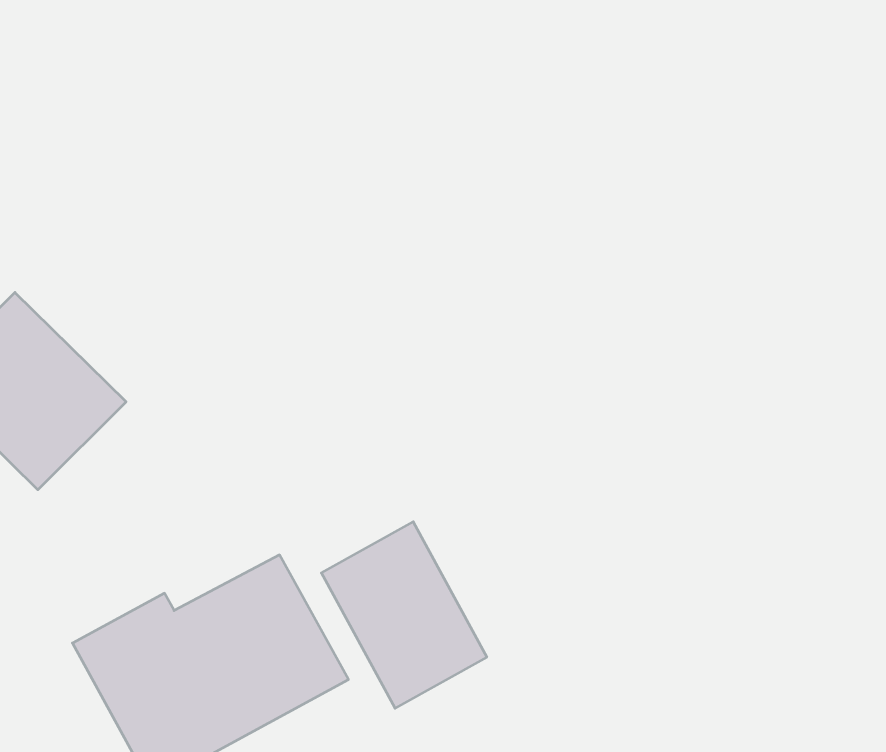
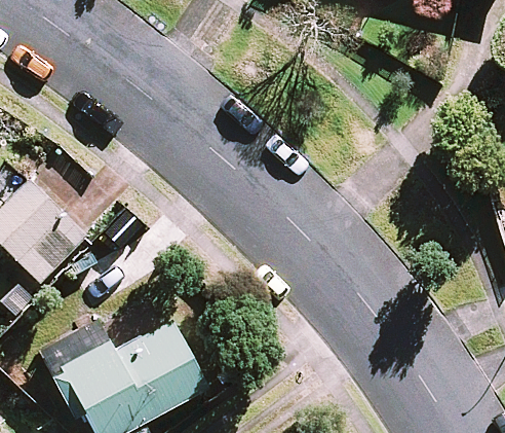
building: [321,522,487,708] -> none

